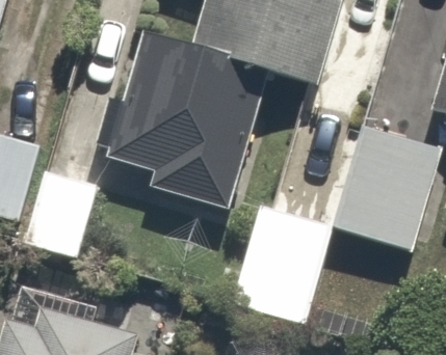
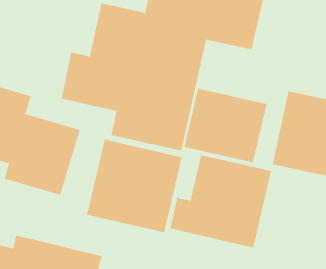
building: none -> [184,88,267,163]
building: none -> [87,139,182,233]

